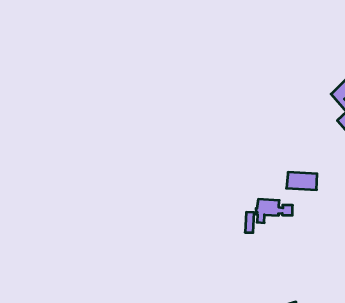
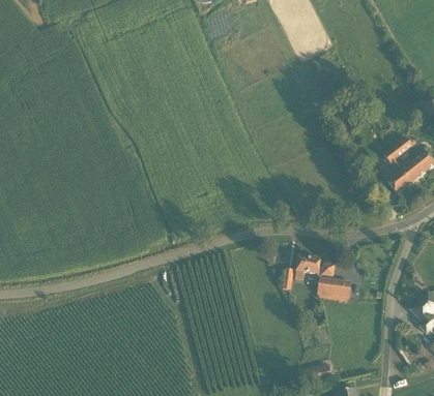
building: [286,172,317,190] -> [317,277,350,298]

